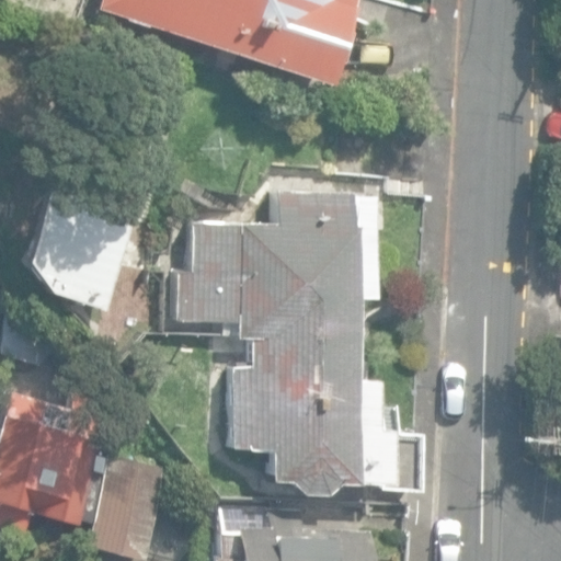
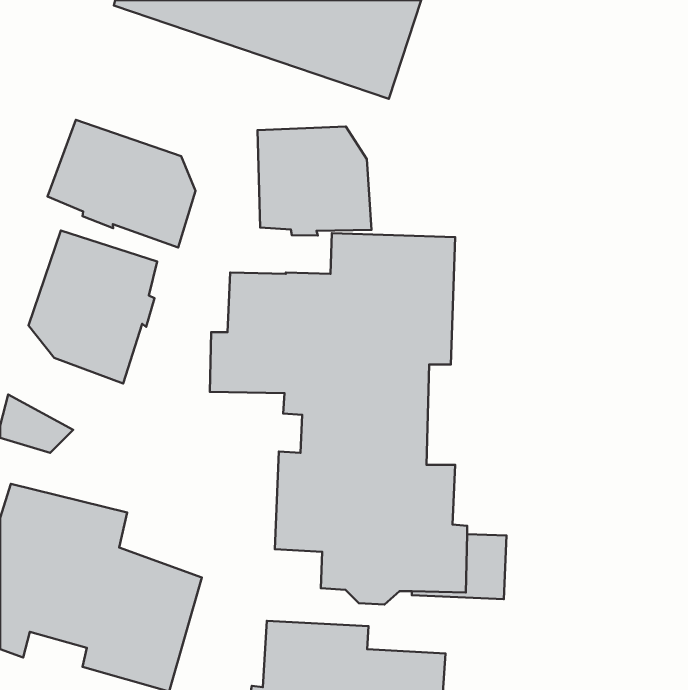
building: none -> [48,120,195,248]
building: none -> [258,126,372,235]

